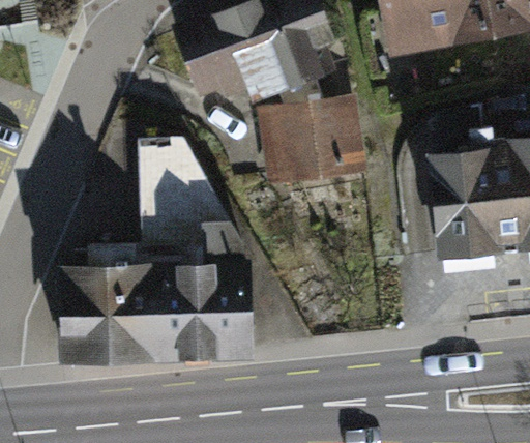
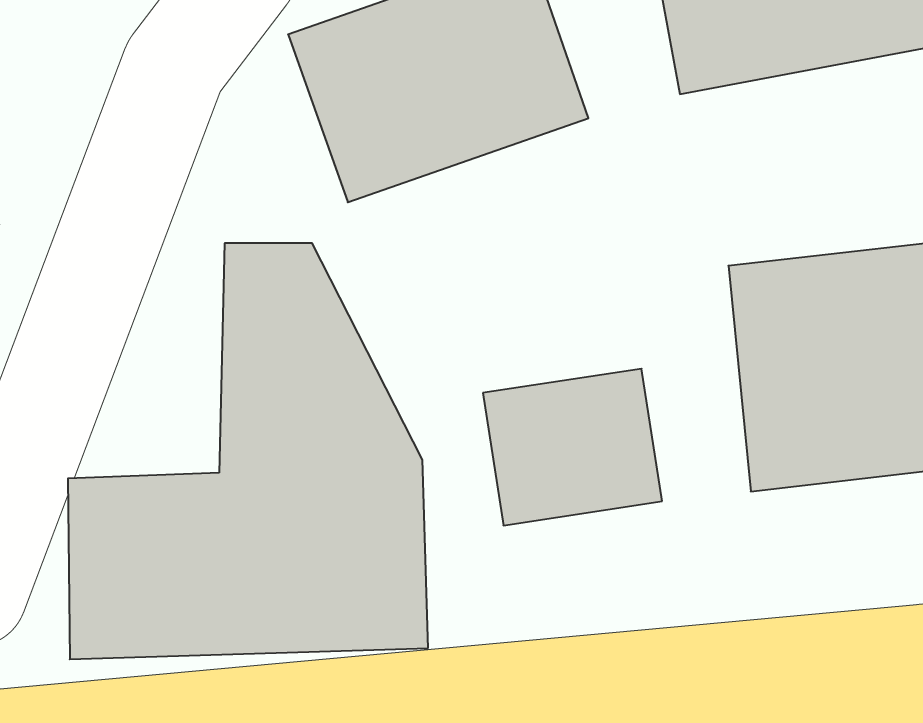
building: [268,95,367,182] -> [483,369,662,525]

